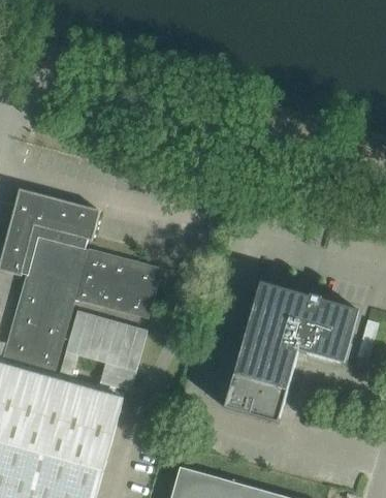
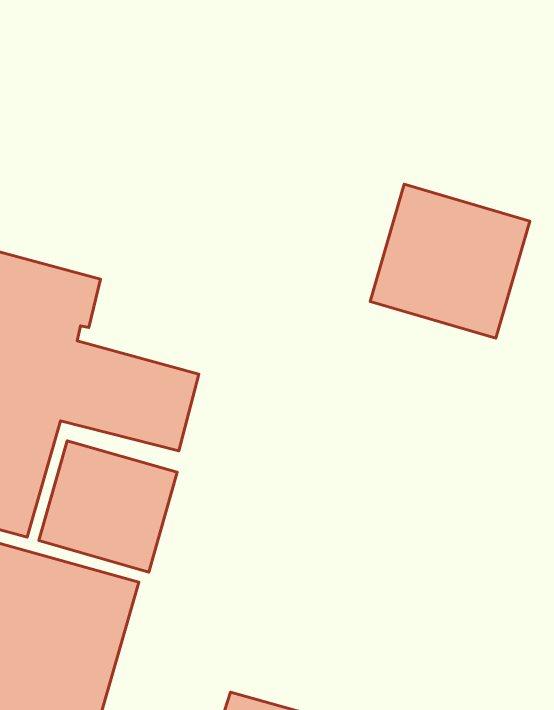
building: none -> [370,184,530,338]
building: [224,282,359,423] -> none

